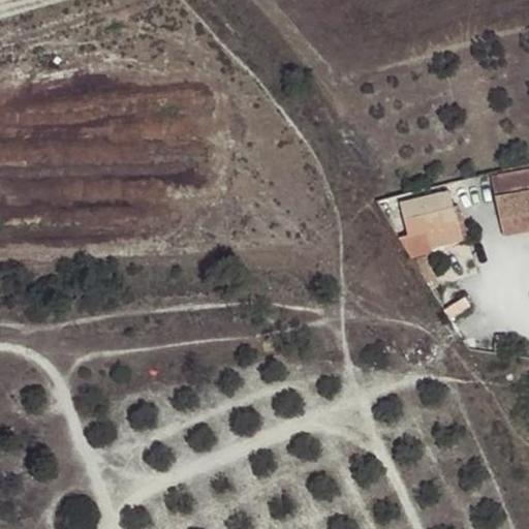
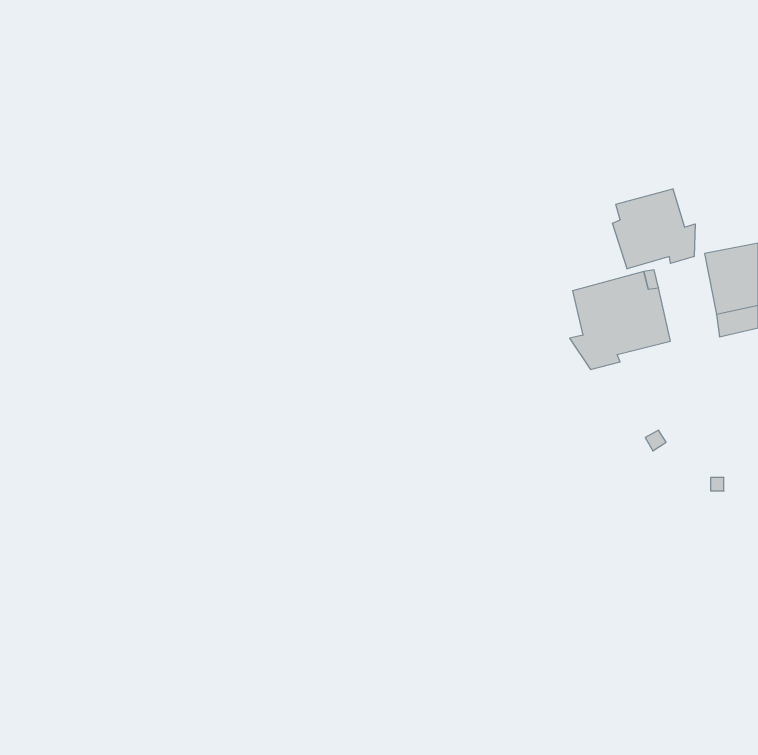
building: none -> [613,189,695,269]

